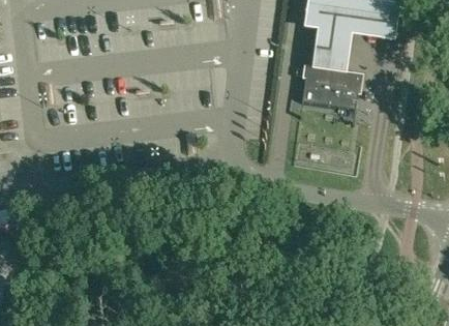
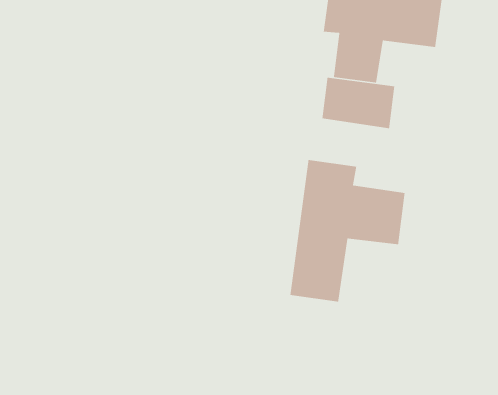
building: none -> [290,159,405,303]

